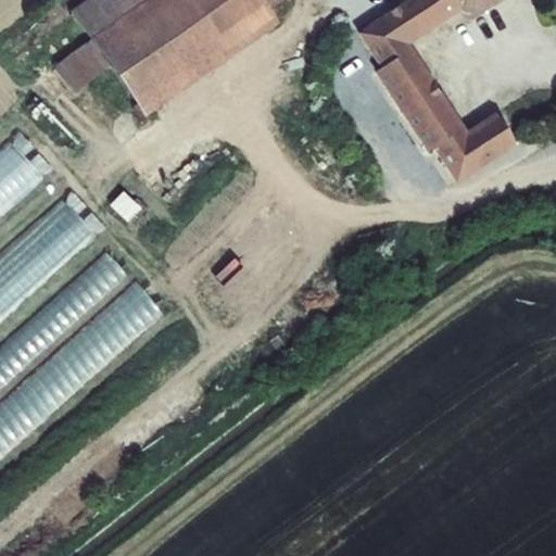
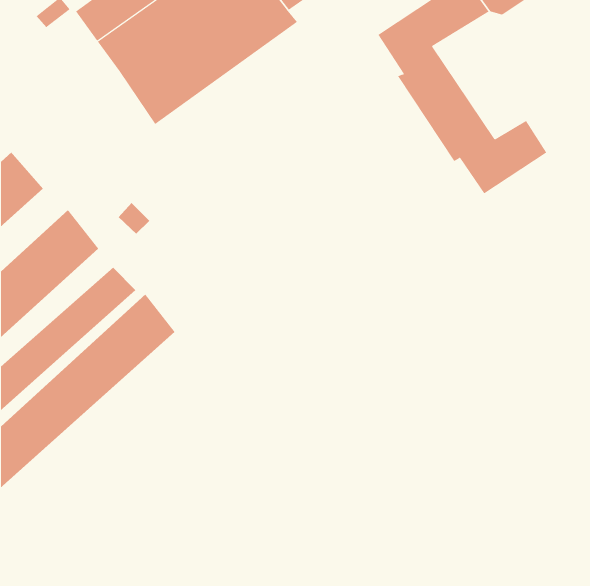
building: [54,39,112,93] -> none

